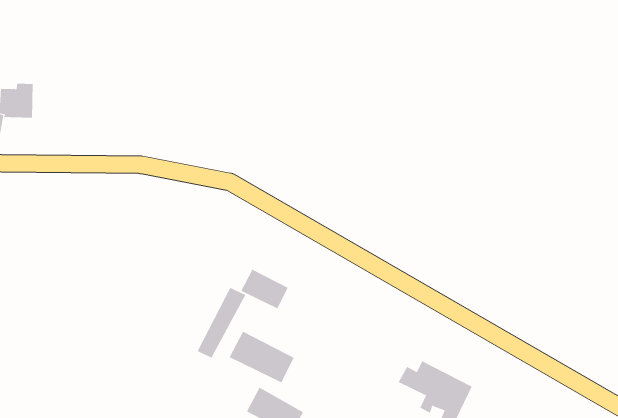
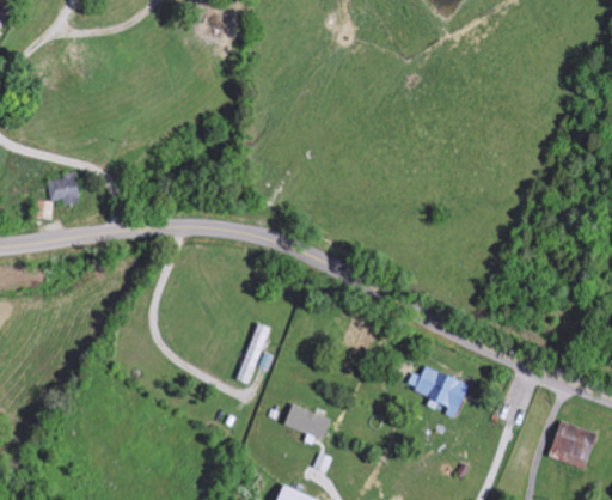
building: [241,269,288,309] -> none
building: [229,331,294,383] -> none

